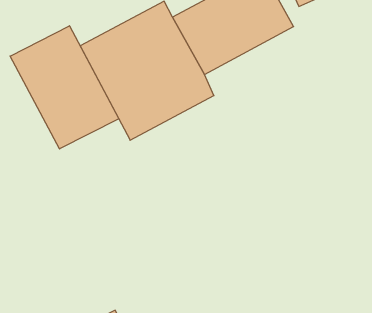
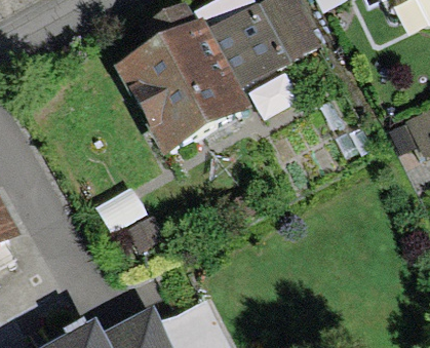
building: [10,26,119,149] -> none

